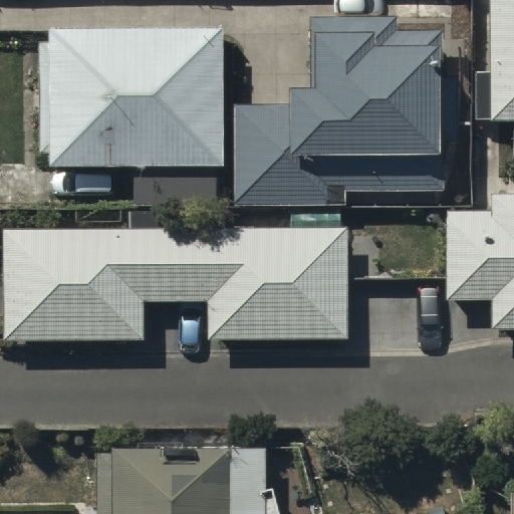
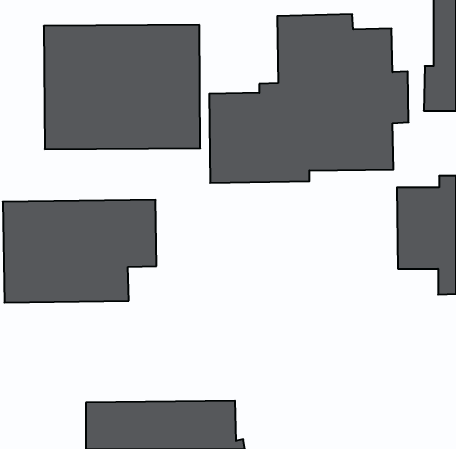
building: [175,223,348,337] -> none

